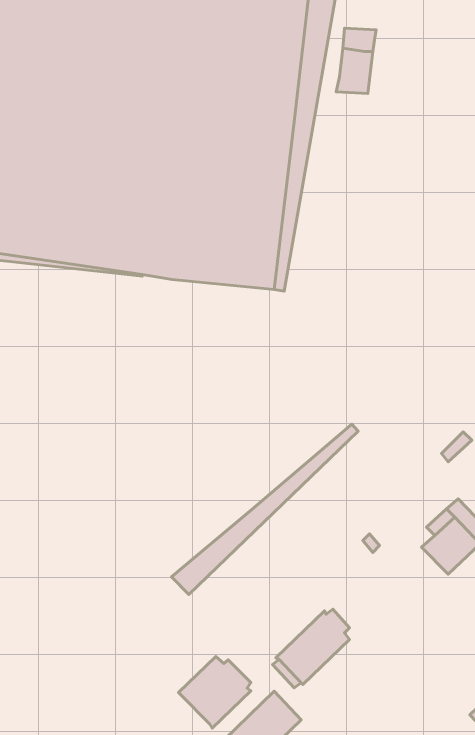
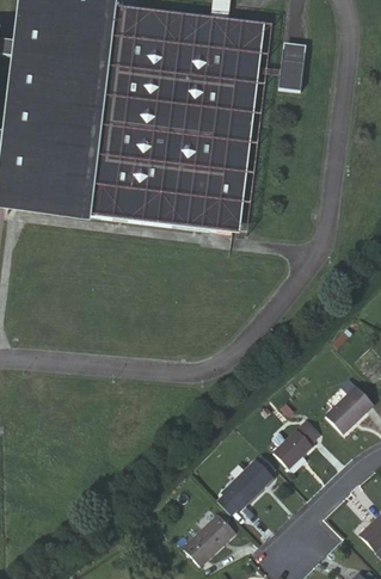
building: [171,424,358,595] -> none
building: none -> [277,421,324,473]
building: [179,656,251,728] -> none

